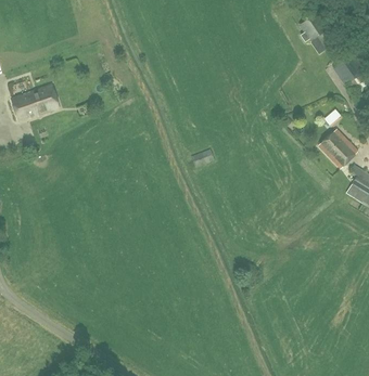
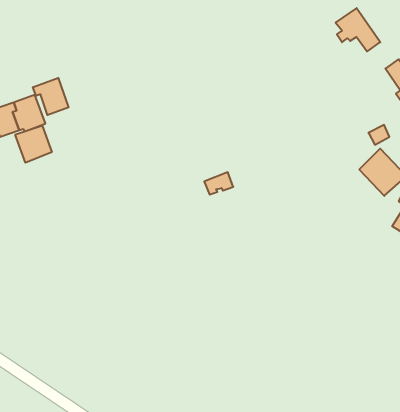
building: none -> [33,78,69,115]
building: none -> [15,126,52,163]

